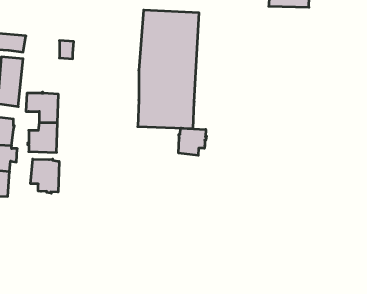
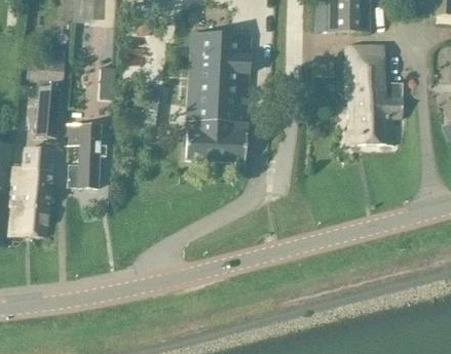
building: none -> [346,44,403,143]
building: [179,128,206,155] -> none
building: [31,159,59,193] -> none

